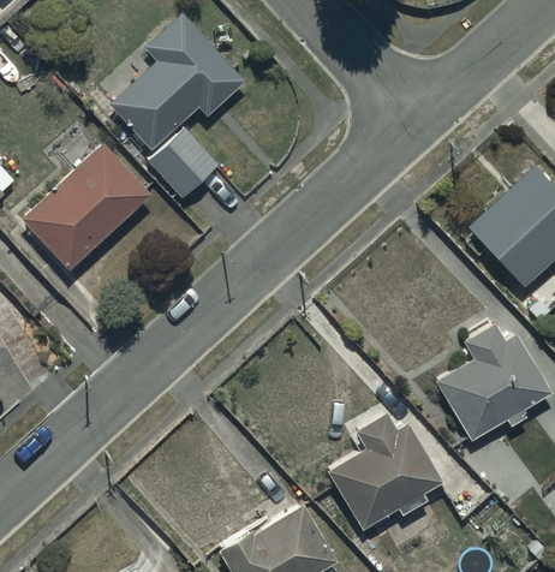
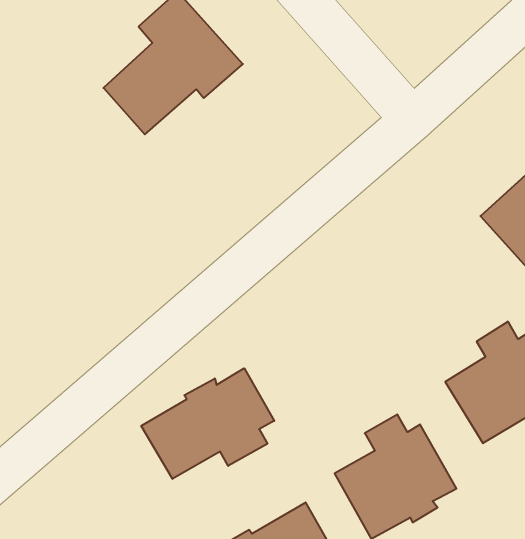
building: [147,127,217,197] -> none
building: [22,143,149,267] -> none
building: none -> [141,368,274,479]

